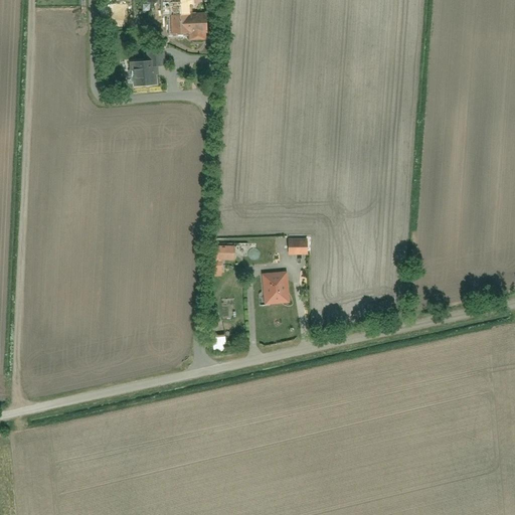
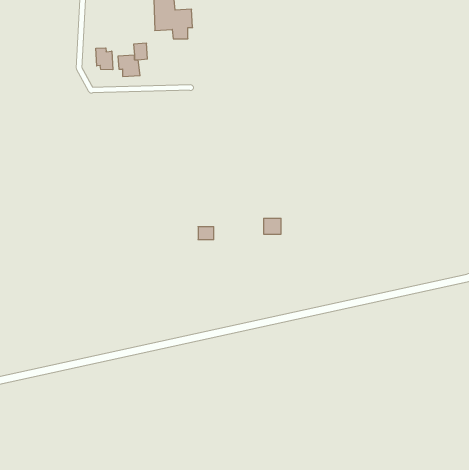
building: none -> [96,48,113,70]
building: [260,272,289,304] -> none

